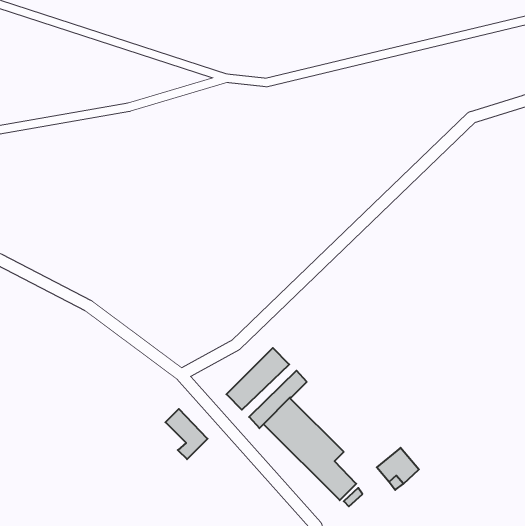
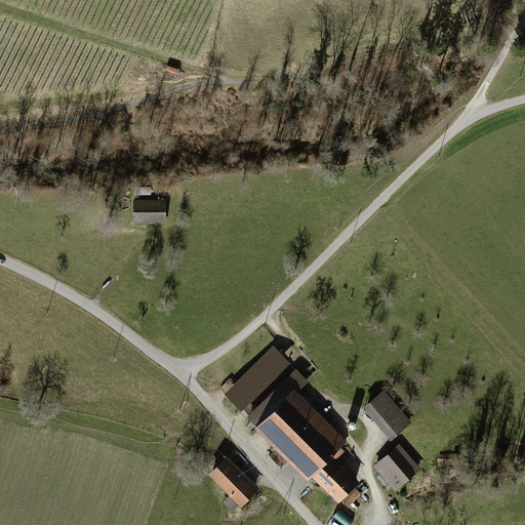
building: none -> [133,201,164,221]
building: none -> [368,392,408,435]
building: [165,409,208,459] -> [211,460,253,511]

